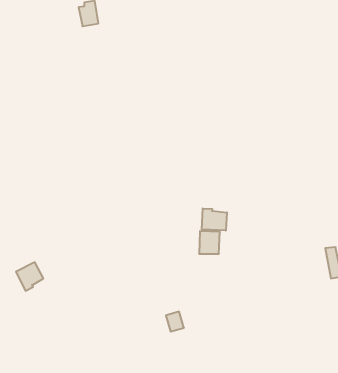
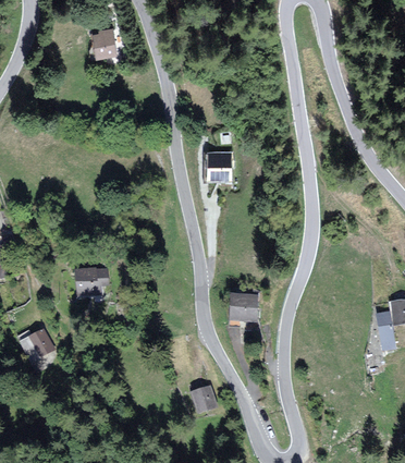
building: none -> [209,153,230,175]
building: [202,208,227,231] -> none
building: none -> [76,268,107,293]

